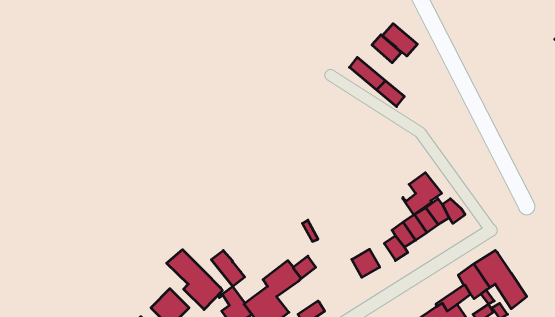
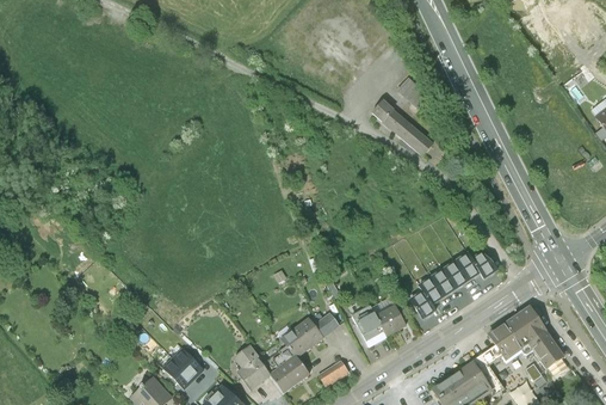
building: [383,24,417,56] -> none
building: [403,173,442,215] -> none
building: none -> [352,305,387,345]
building: [167,250,222,310] -> none
building: [211,250,245,286] -> none

